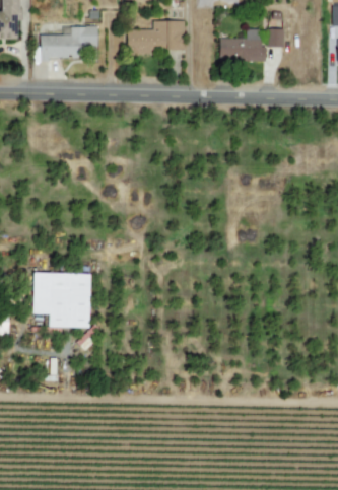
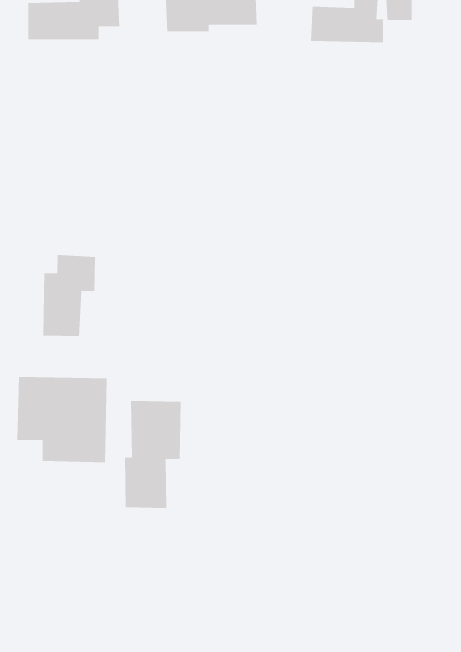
building: none -> [43,254,95,337]
building: none -> [124,400,181,509]

